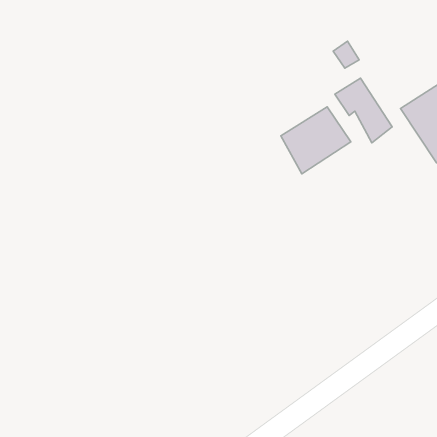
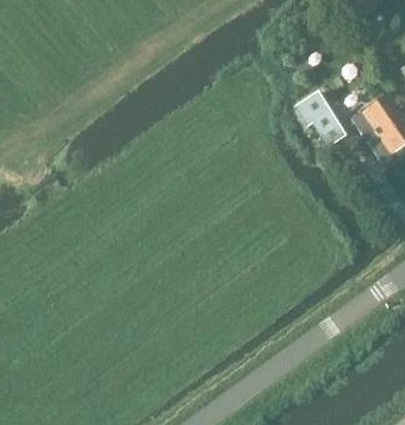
building: [281,107,351,174] -> none

